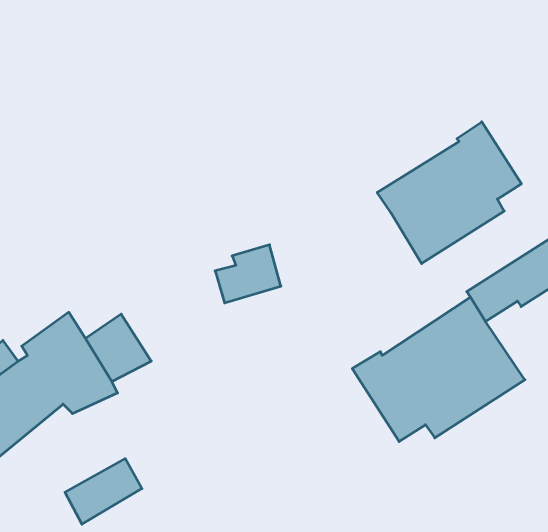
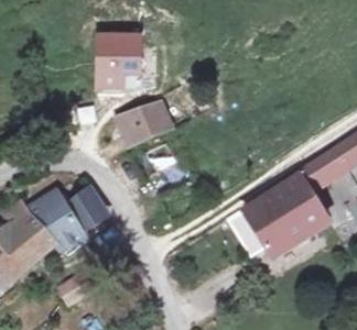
building: none -> [98,35,140,87]
building: [377,122,521,264] -> none
building: none -> [121,106,171,147]

